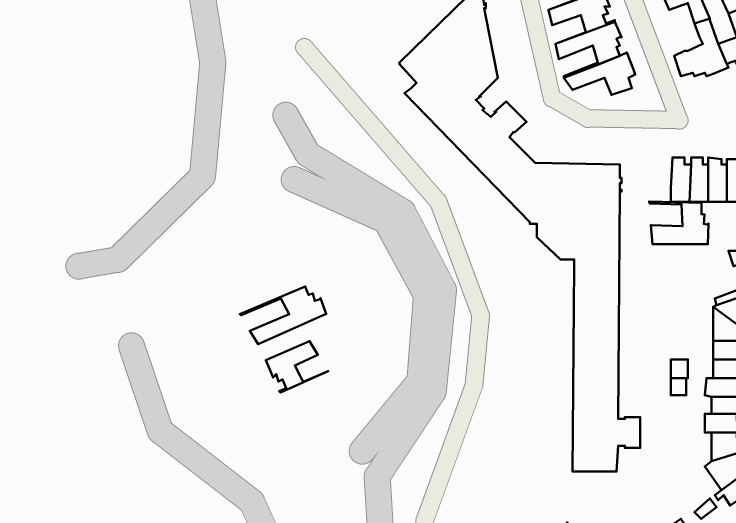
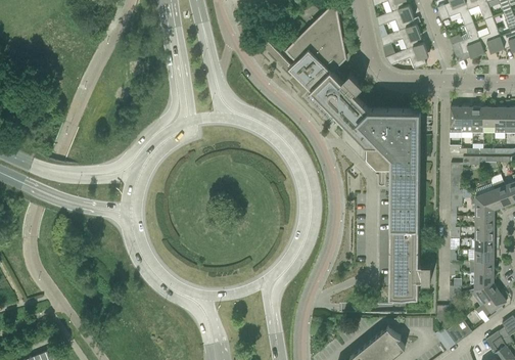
building: [649,202,709,244] -> none
building: [240,286,326,344] -> none
building: [266,341,328,392] -> none

